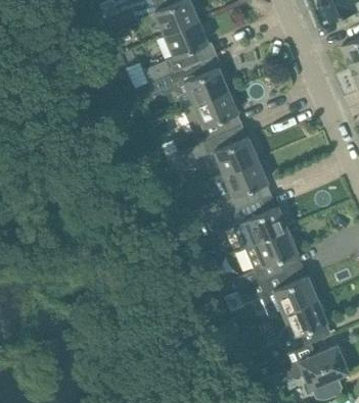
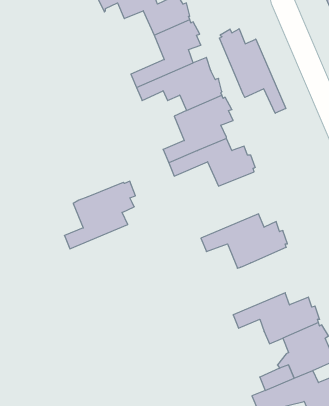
building: none -> [219,29,286,113]
building: [205,160,270,222] -> [64,181,135,249]
building: [234,231,299,293] -> none

